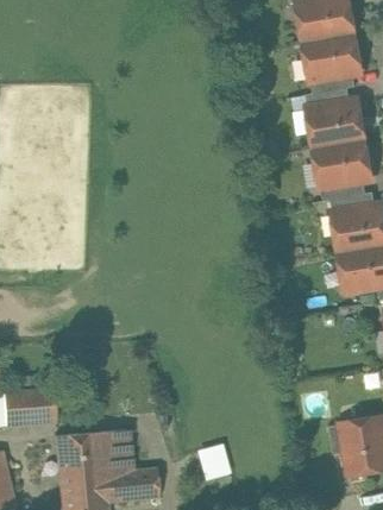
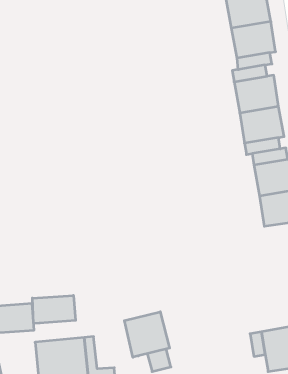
building: none -> [32,295,76,323]
building: none -> [124,312,170,357]

